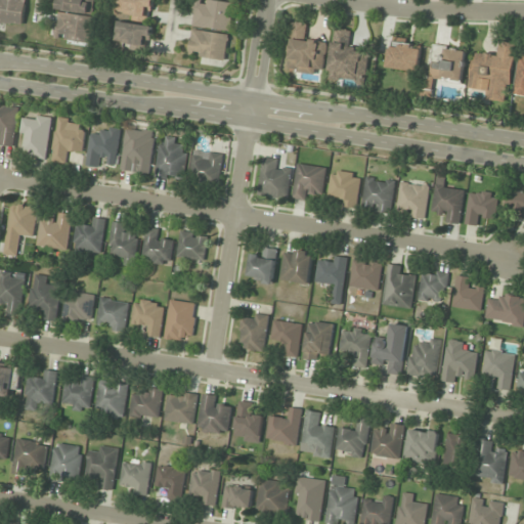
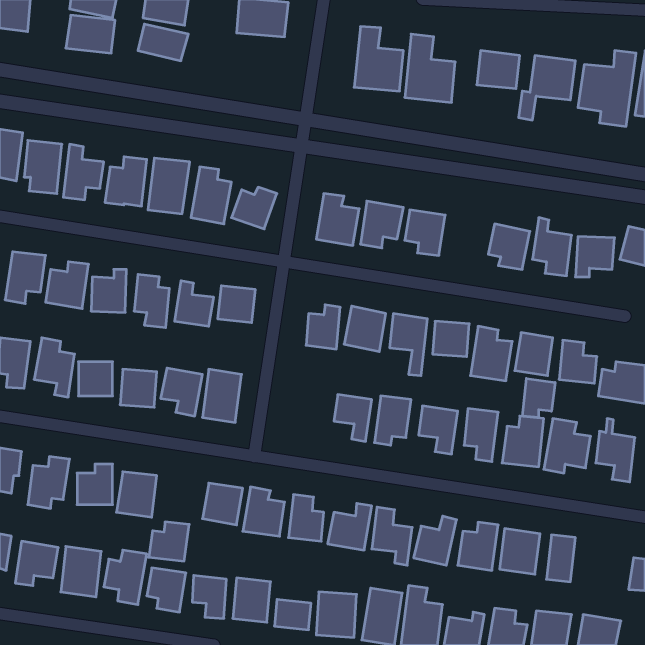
building: [188,30,228,59] -> none
building: [363,178,392,210] -> none
building: none -> [523,378,555,417]
building: [236,312,267,351] -> none
building: [129,387,162,419] -> [149,522,189,561]
building: [474,439,507,482] -> none

